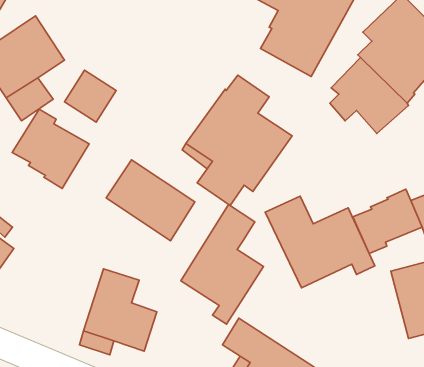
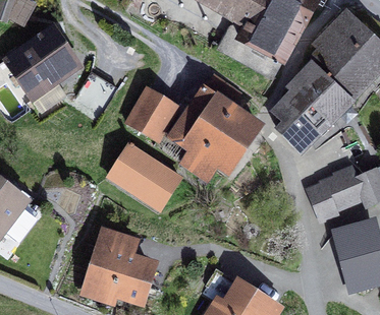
building: none -> [126,88,177,141]
building: none -> [275,99,326,148]
building: [12,109,89,189] -> none
building: [265,196,375,288] -> none
building: [181,204,264,324] -> none

